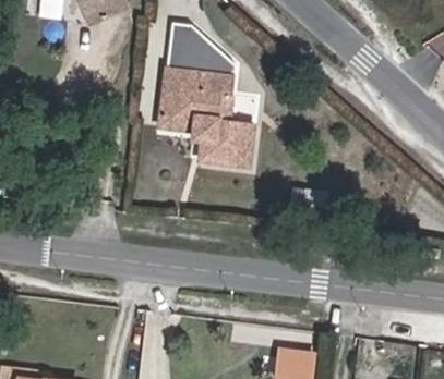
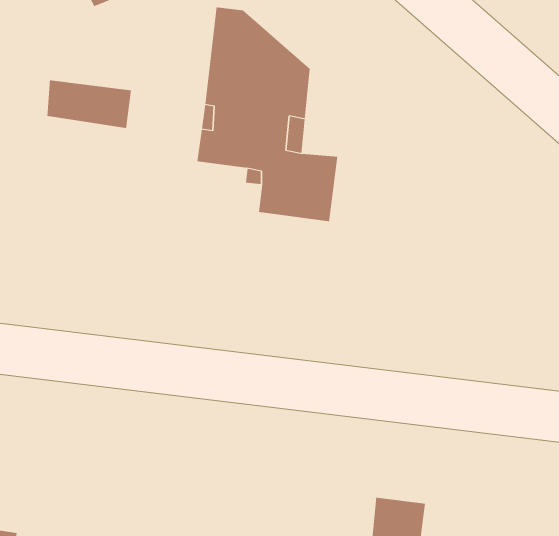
building: none -> [47,79,131,129]

